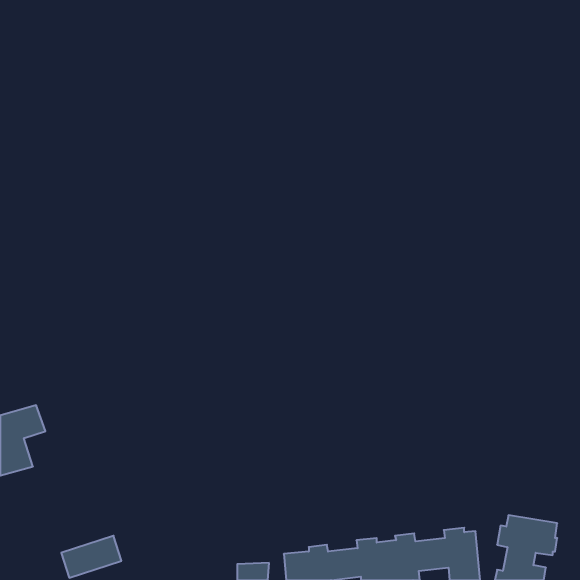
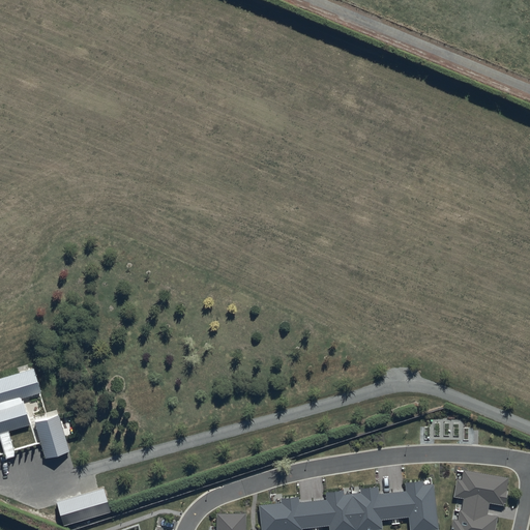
building: none -> [34,417,69,460]

